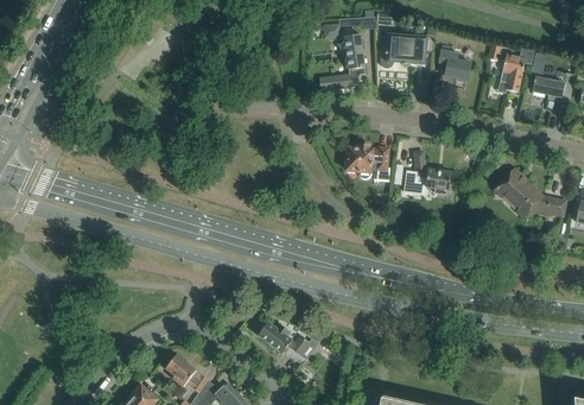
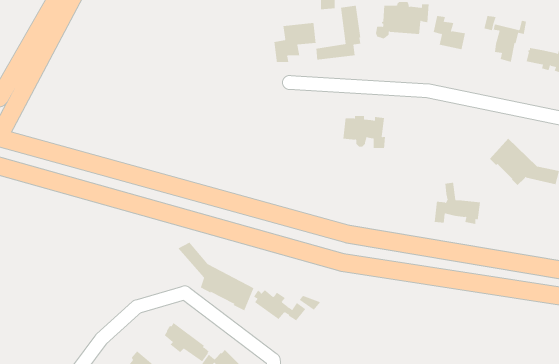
building: none -> [274,22,316,63]
building: [404,152,451,195] -> [434,182,481,225]
building: none -> [178,242,254,311]

